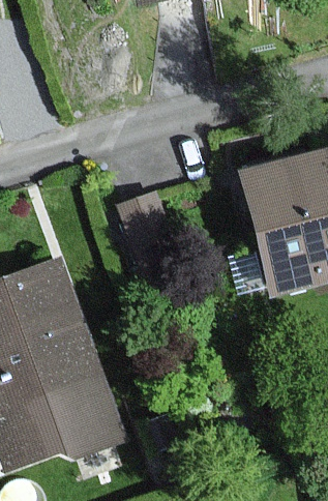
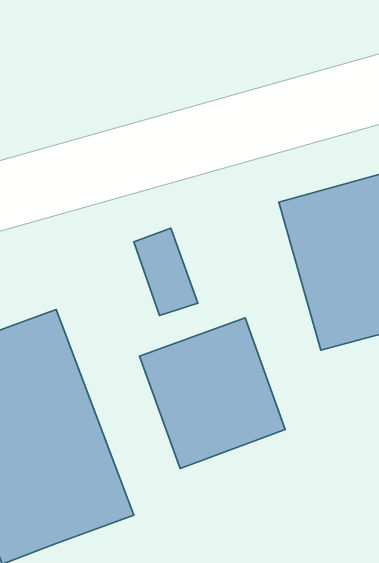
building: none -> [140,318,285,469]

